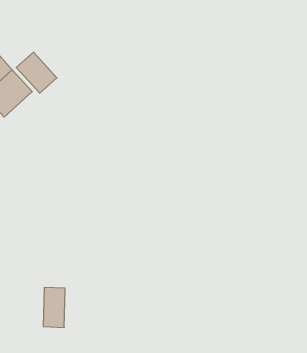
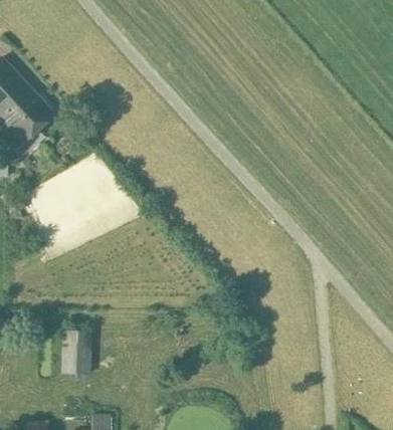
building: [16,52,57,93] -> none

